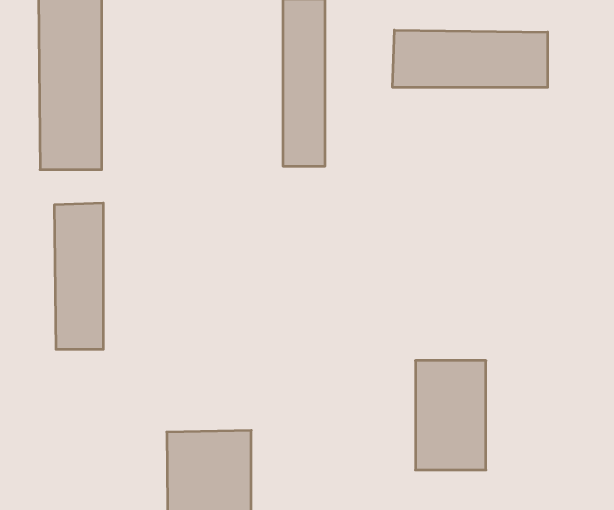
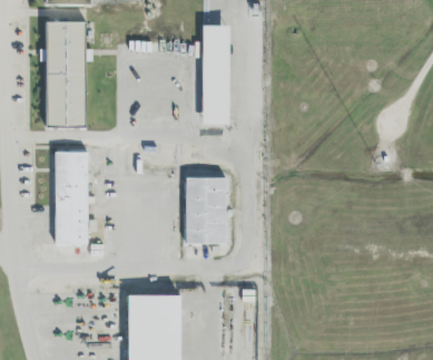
building: [393,30,548,87] -> none
building: [415,361,486,470] -> [183,173,227,242]

